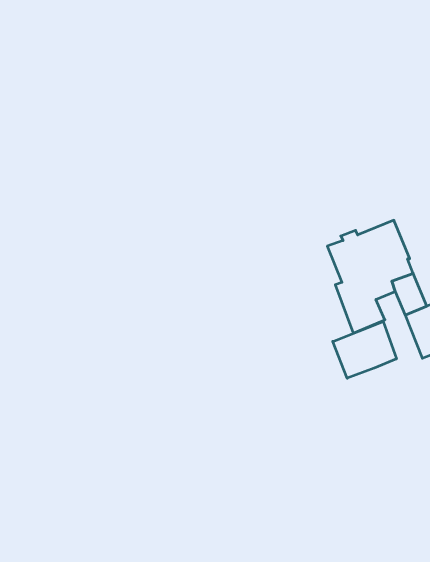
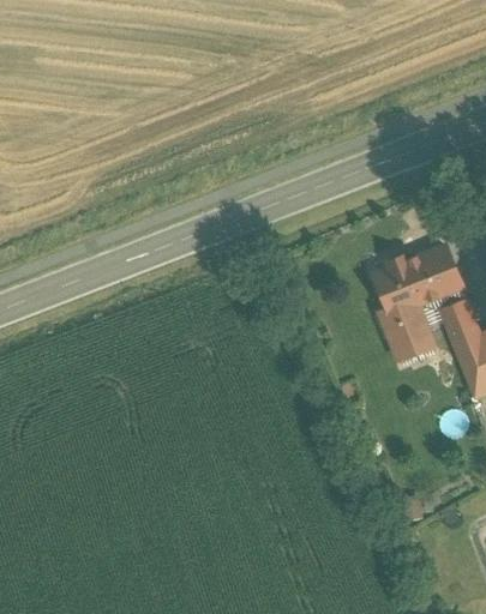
building: [333,321,396,378] -> none

